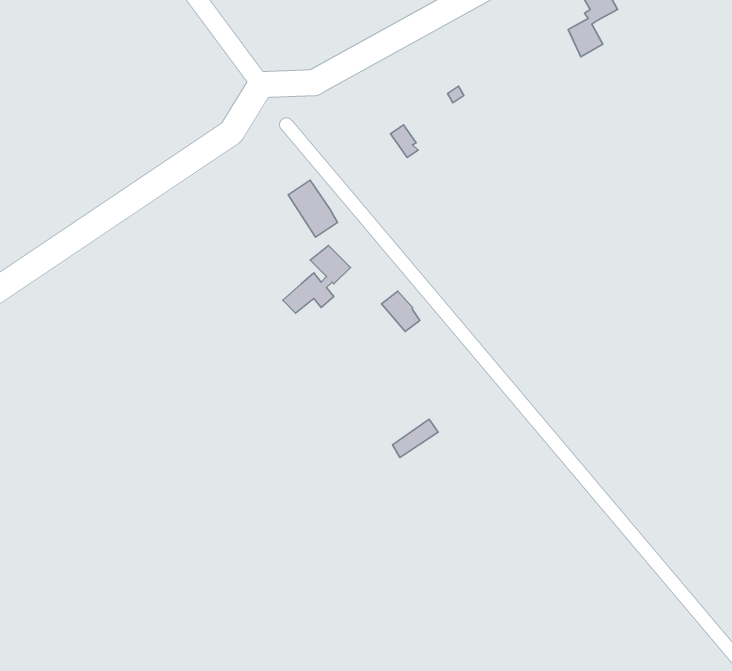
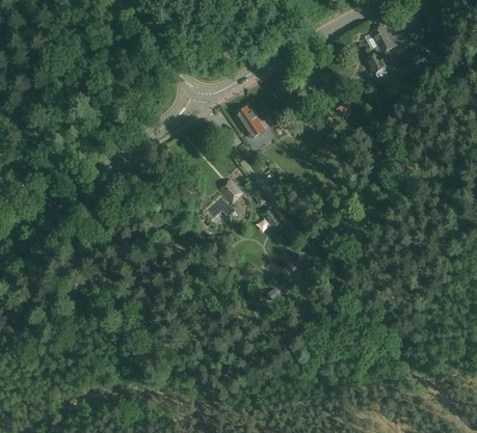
building: [288,180,337,237] -> [236,105,264,137]

